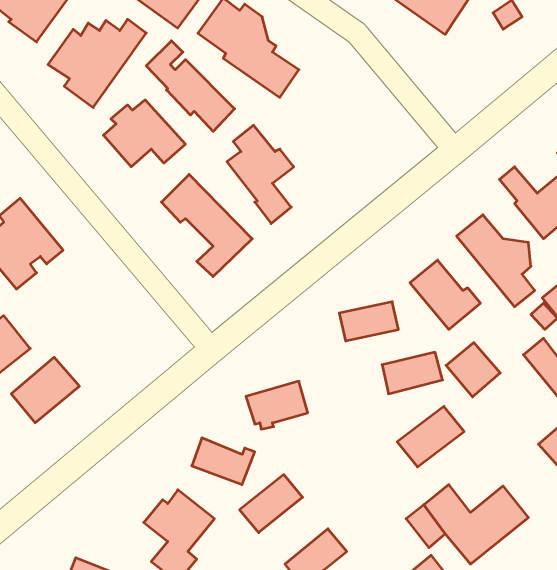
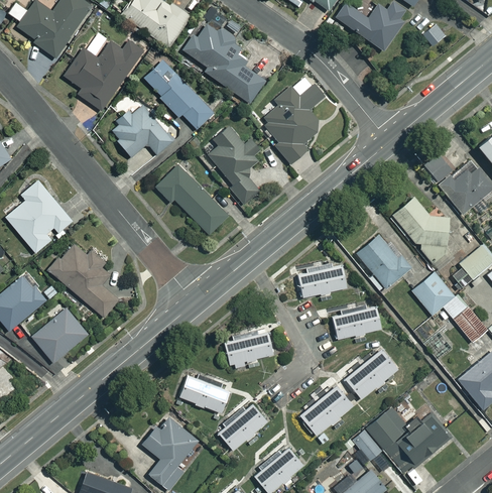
building: none -> [265,84,324,162]
building: none -> [51,246,122,318]
building: [446,343,500,397] -> [411,271,455,315]
building: none -> [299,384,352,435]

